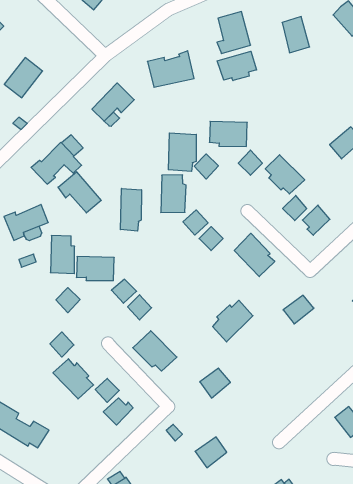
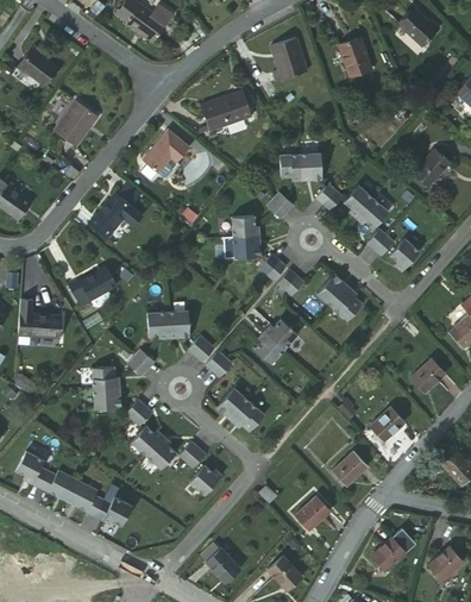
building: [217,51,257,81] -> none
building: [168,133,196,171] -> none
building: [58,172,101,213] -> none
building: [120,188,141,231] -> none
building: [50,236,75,274] -> [93,368,121,409]
building: [283,295,314,324] -> [414,364,447,396]
building: [213,300,253,342] -> [255,318,297,364]
building: none -> [371,409,404,444]
building: [200,368,230,398] -> [333,454,366,488]

